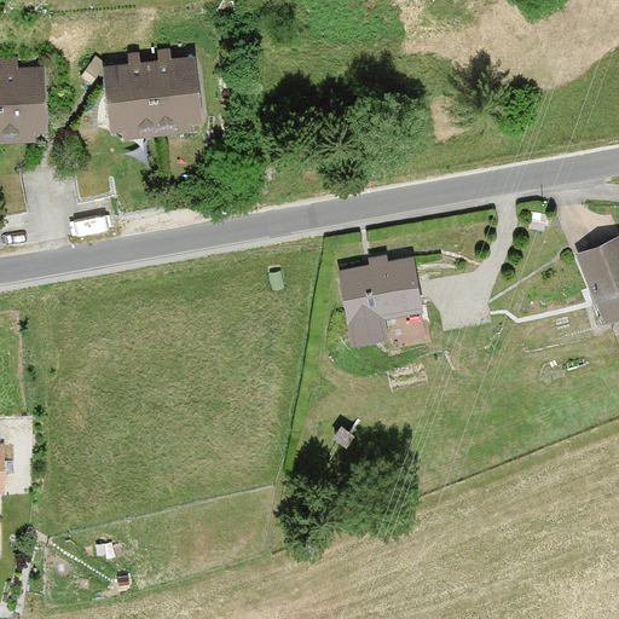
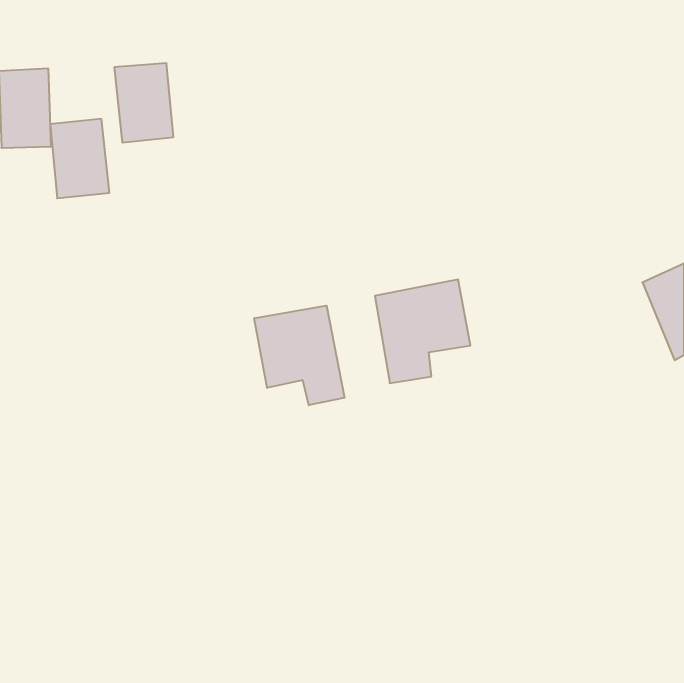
building: [150,56,203,127] -> [50,119,109,198]
building: none -> [254,306,345,405]

